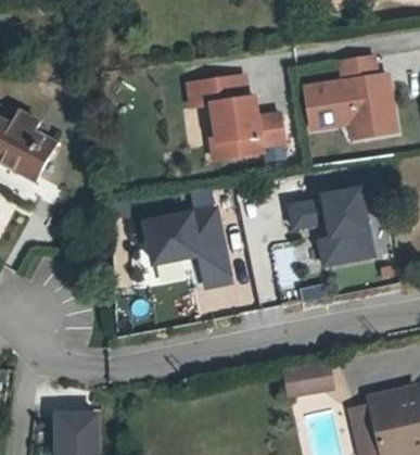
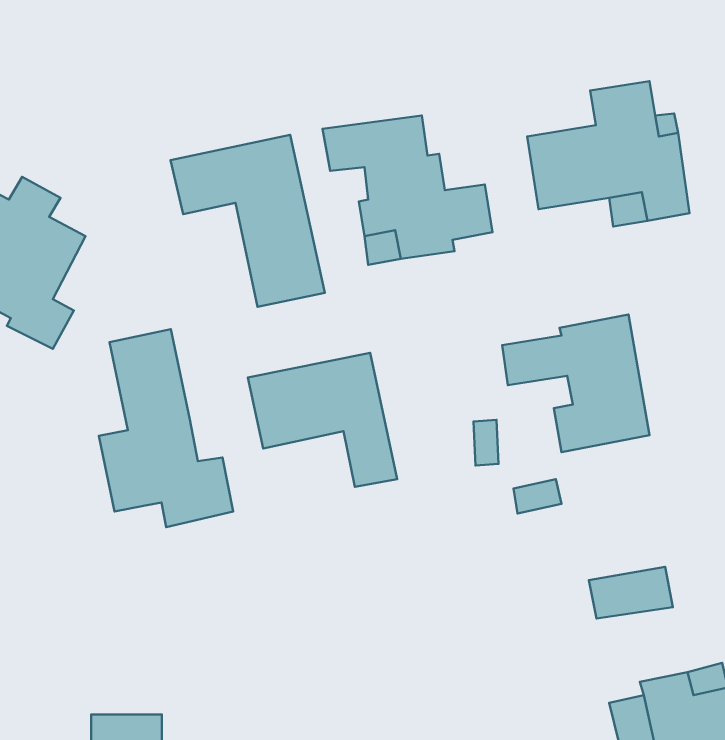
building: none -> [170,135,325,307]
building: none -> [99,329,233,527]
building: [284,363,332,392] -> [589,567,673,619]

